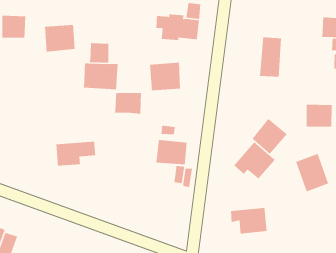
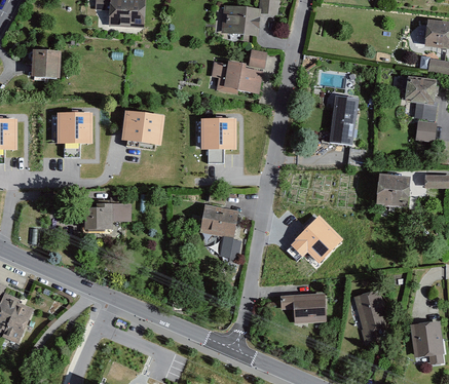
building: [44,24,76,52] -> [57,112,91,143]
building: [89,42,109,63] -> none
building: [114,92,142,114] -> none
building: [251,118,288,155] -> none
building: [295,153,329,193] -> [353,286,391,332]

